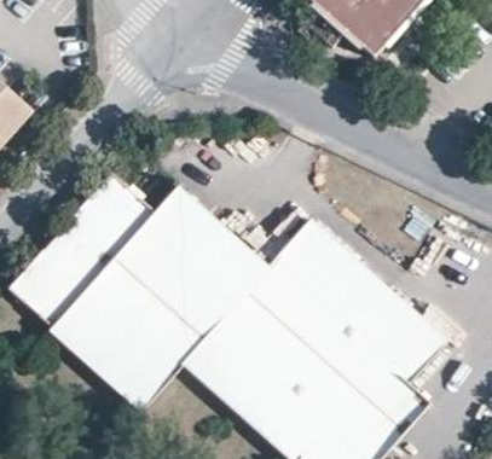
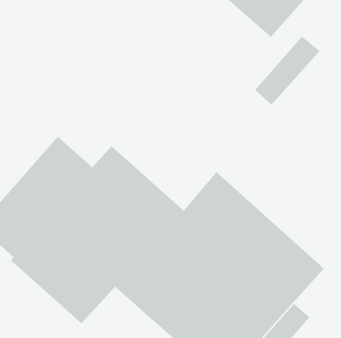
building: none -> [254,36,321,106]

